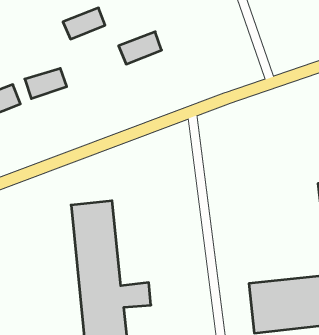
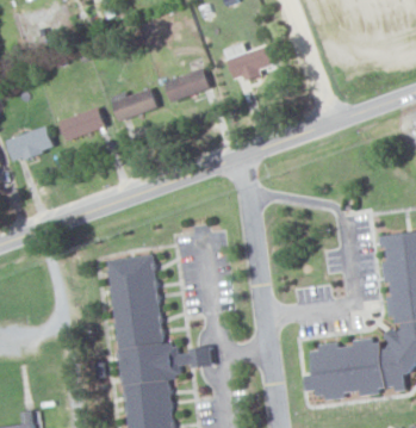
building: [63,8,105,39] -> [110,87,156,122]
building: none -> [223,43,273,82]

